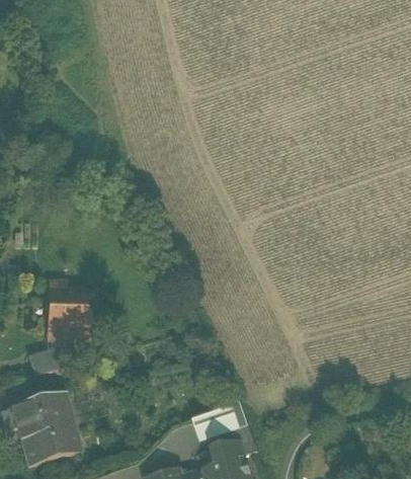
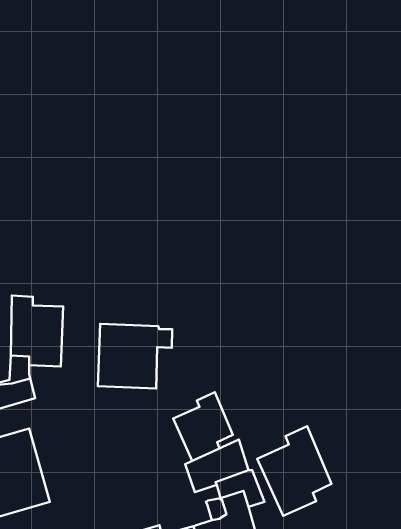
building: none -> [98,324,172,389]
building: none -> [173,392,233,461]
building: none -> [257,426,332,516]

